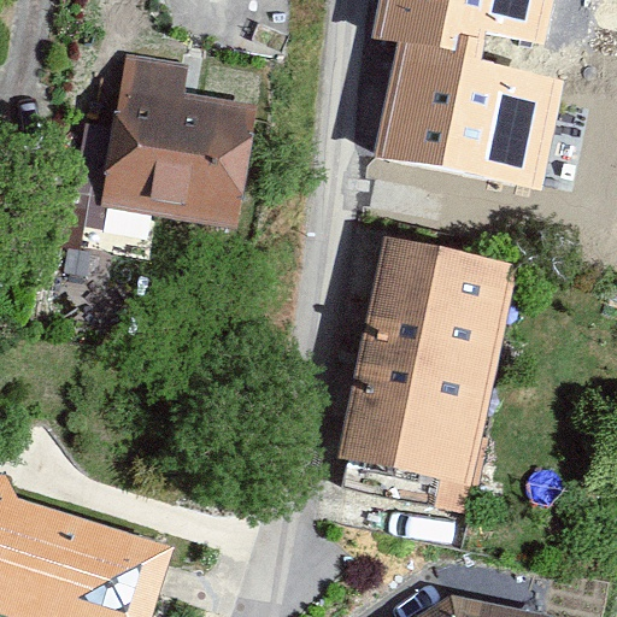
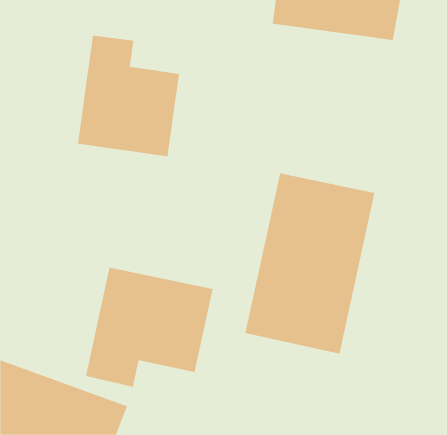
building: [364,43,575,201] -> none
building: none -> [85,267,213,388]

